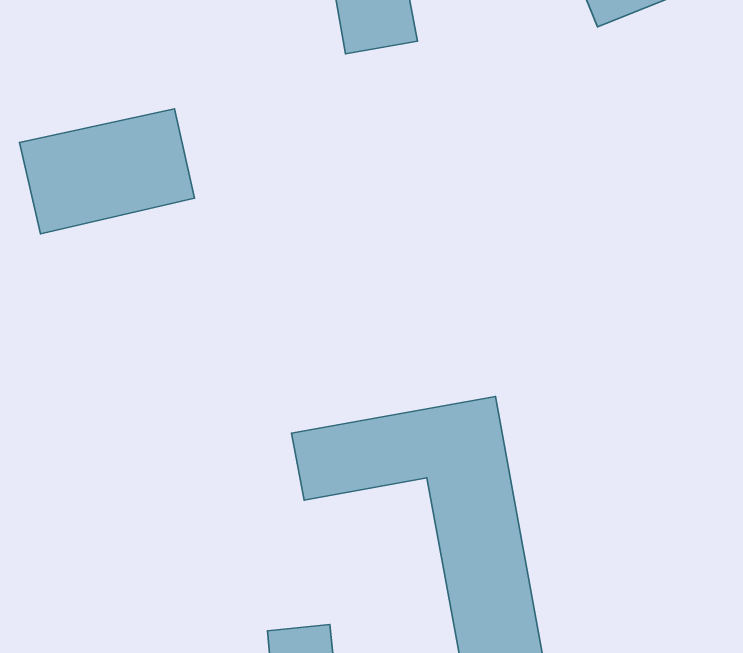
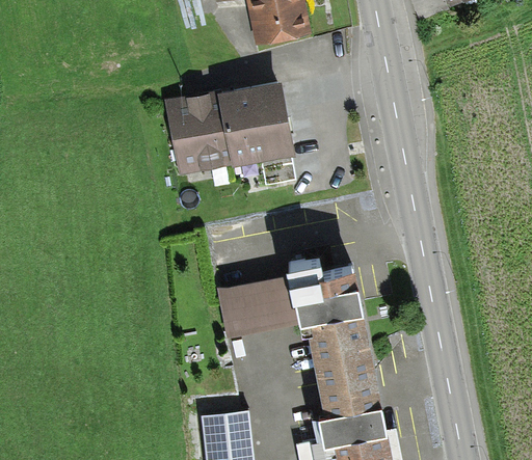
building: [19,109,195,234] -> none
building: none -> [170,93,286,180]

